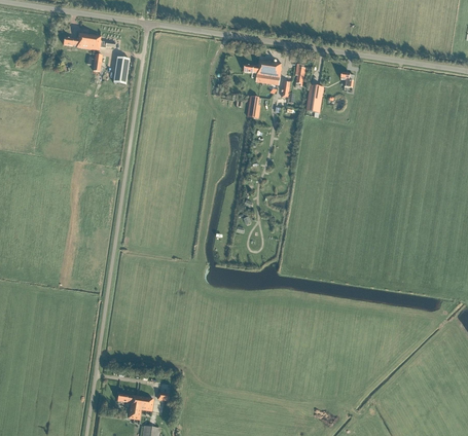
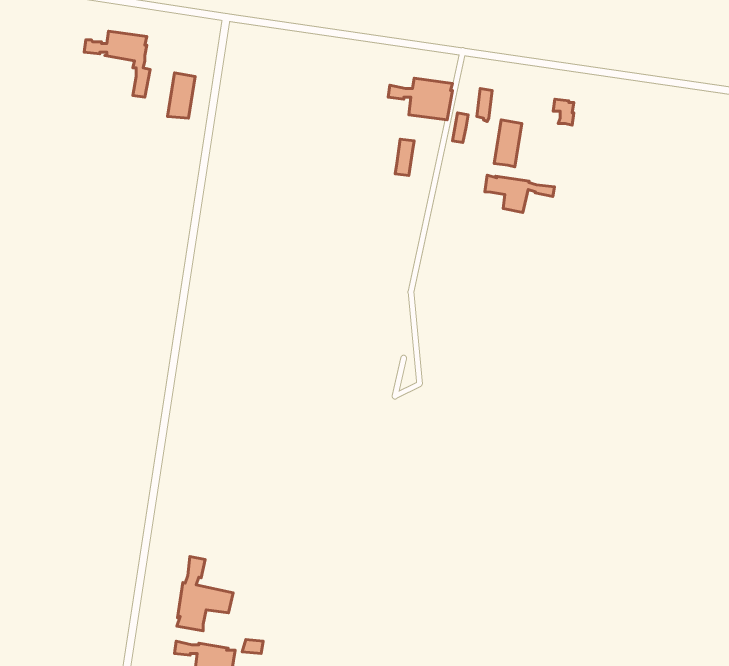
building: none -> [485,175,555,212]
building: none -> [177,557,233,631]

